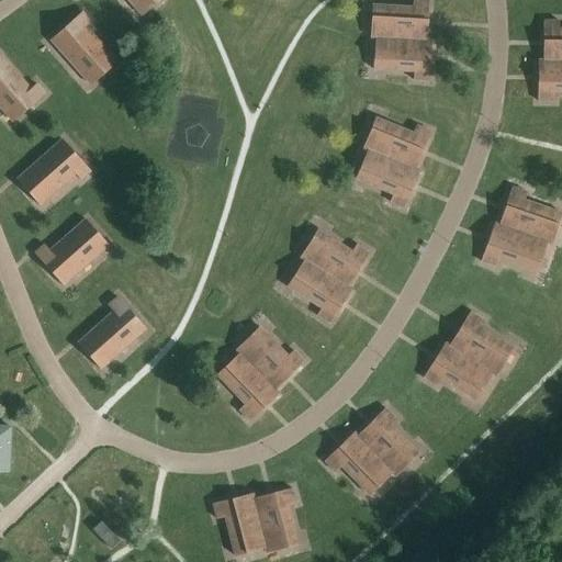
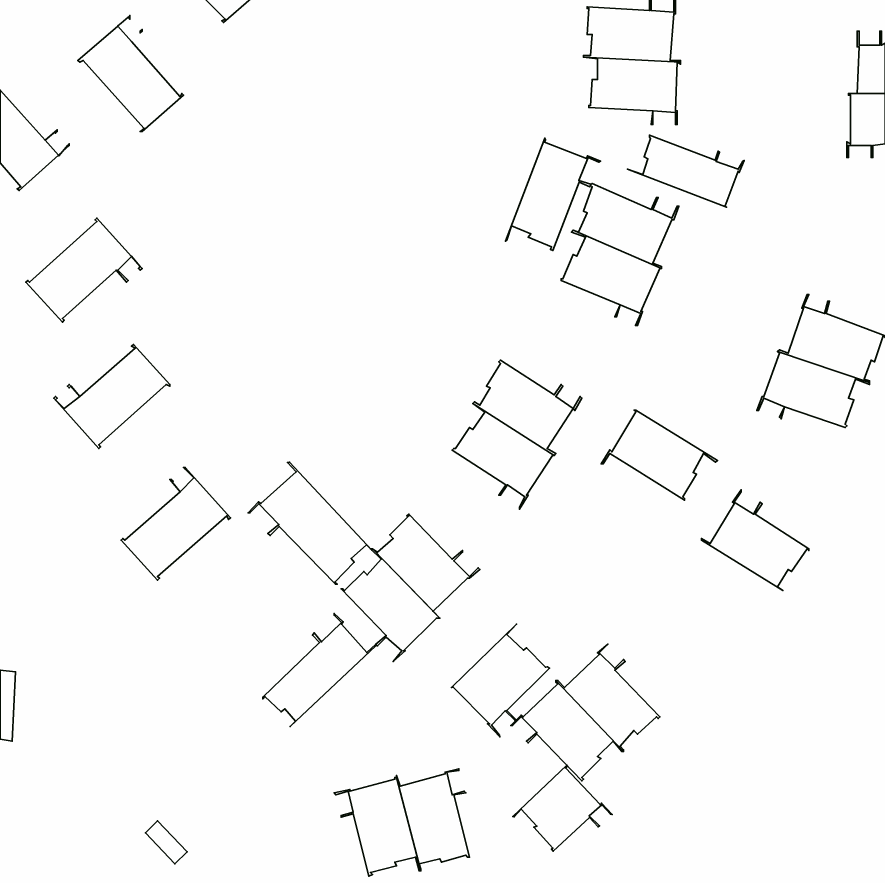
building: none -> [627,135,744,207]
building: none -> [505,138,600,250]
building: none -> [248,462,372,584]
building: [423,342,496,400] -> [601,410,717,500]
building: none -> [263,614,376,727]
building: none -> [451,624,550,737]
building: none -> [513,765,612,851]

